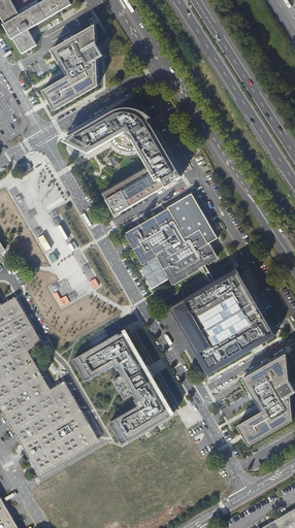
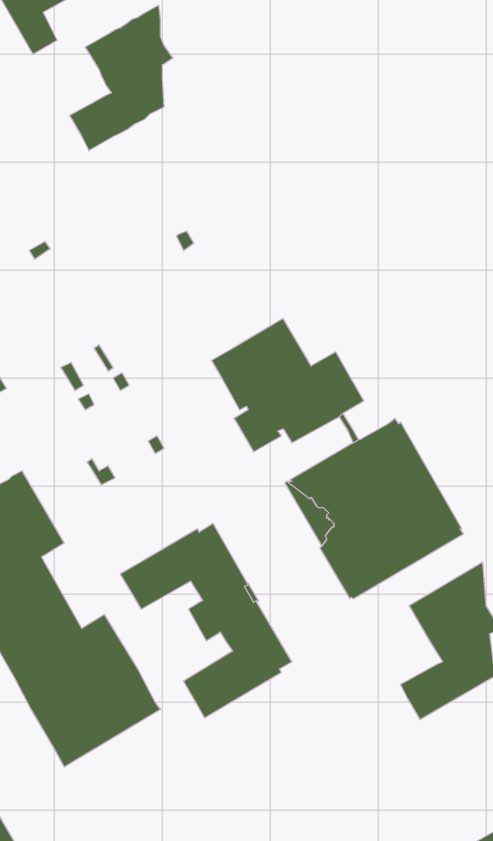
building: [63,107,181,216] -> none
building: [167,194,217,243] -> none

